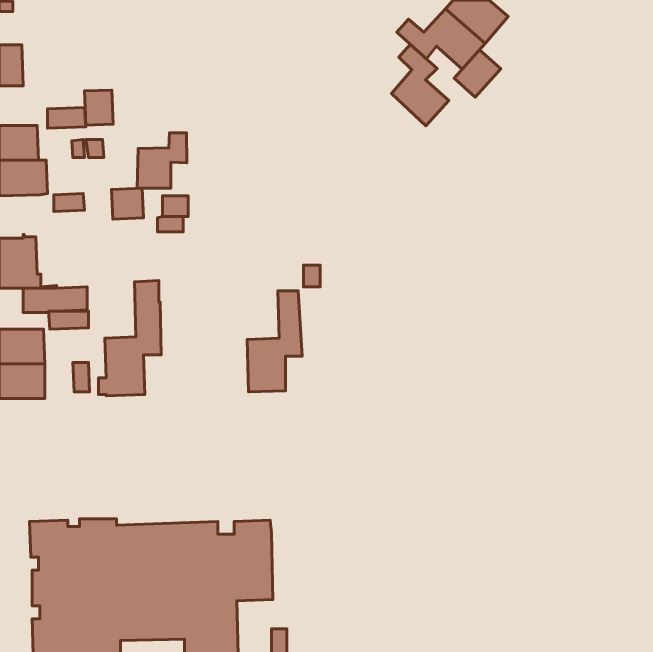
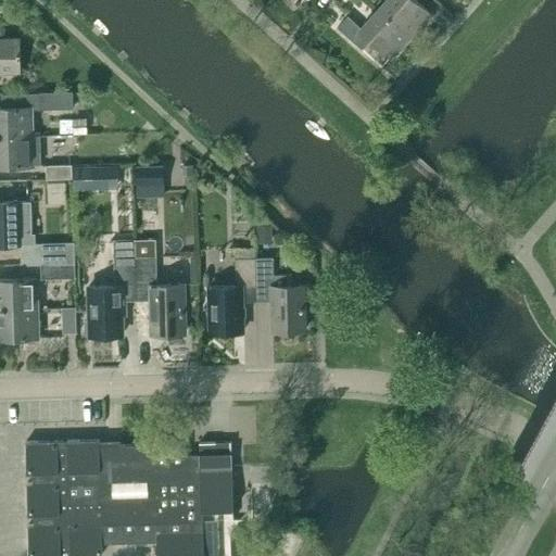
building: [391,45,449,126] -> none
building: [454,50,501,97] -> none
building: [85,90,113,125] -> none
building: [137,133,187,188] -> none
building: none -> [253,249,305,332]
building: none -> [136,258,185,336]

